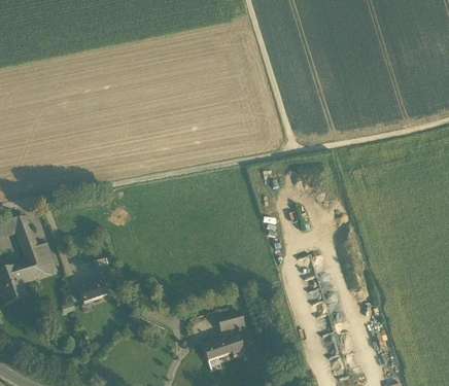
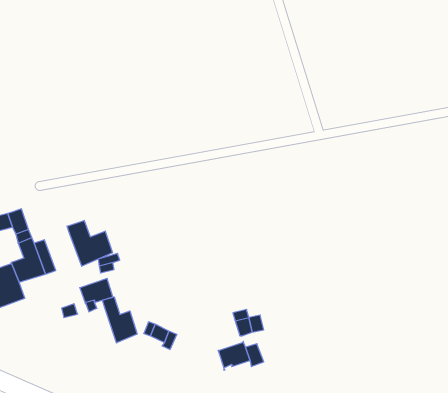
building: none -> [67,220,112,266]
building: none -> [102,297,137,343]

